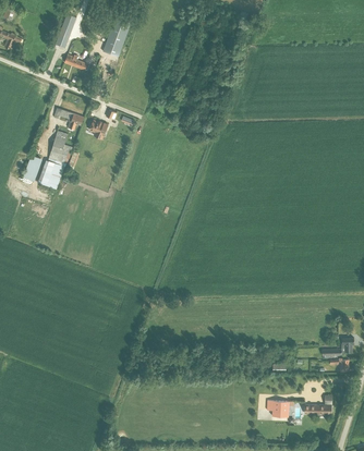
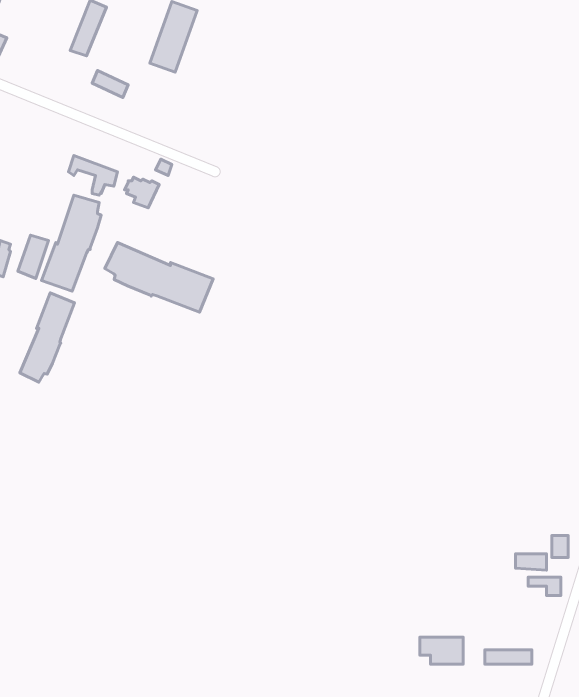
building: none -> [105,243,213,312]
building: none -> [20,293,74,382]

